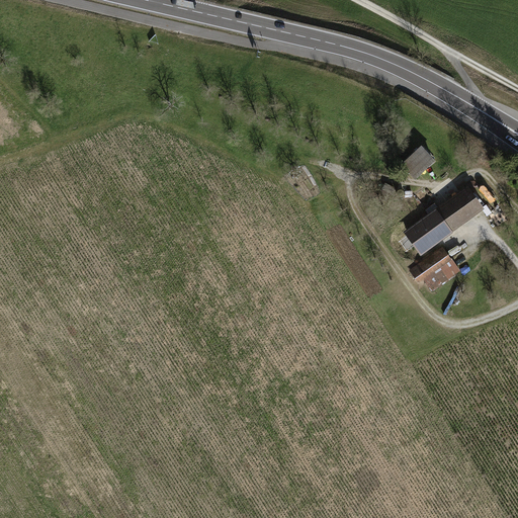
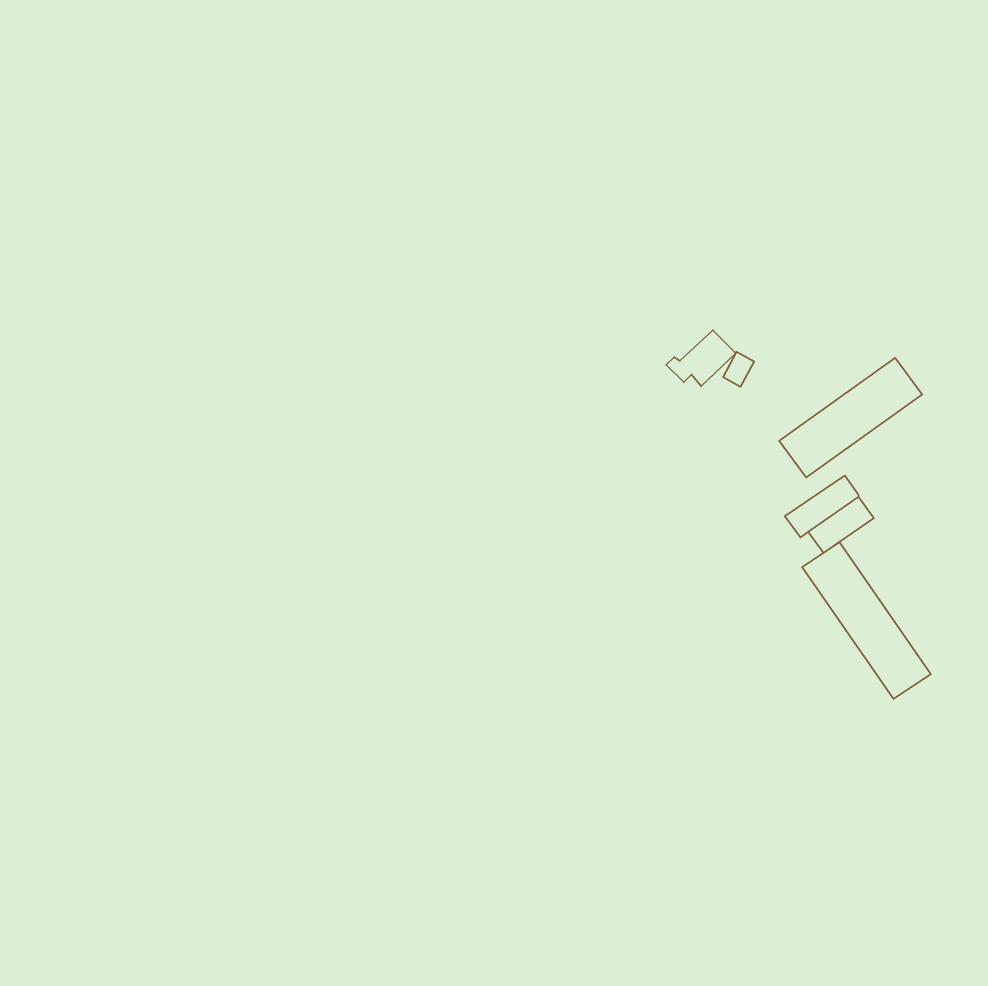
building: [397,149,433,178] -> [666,330,736,386]
building: none -> [802,542,931,699]

